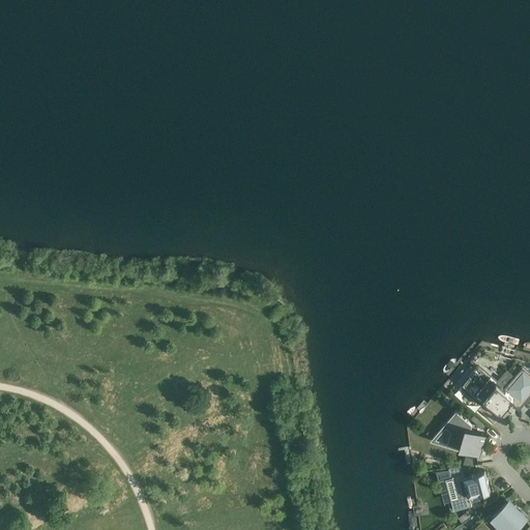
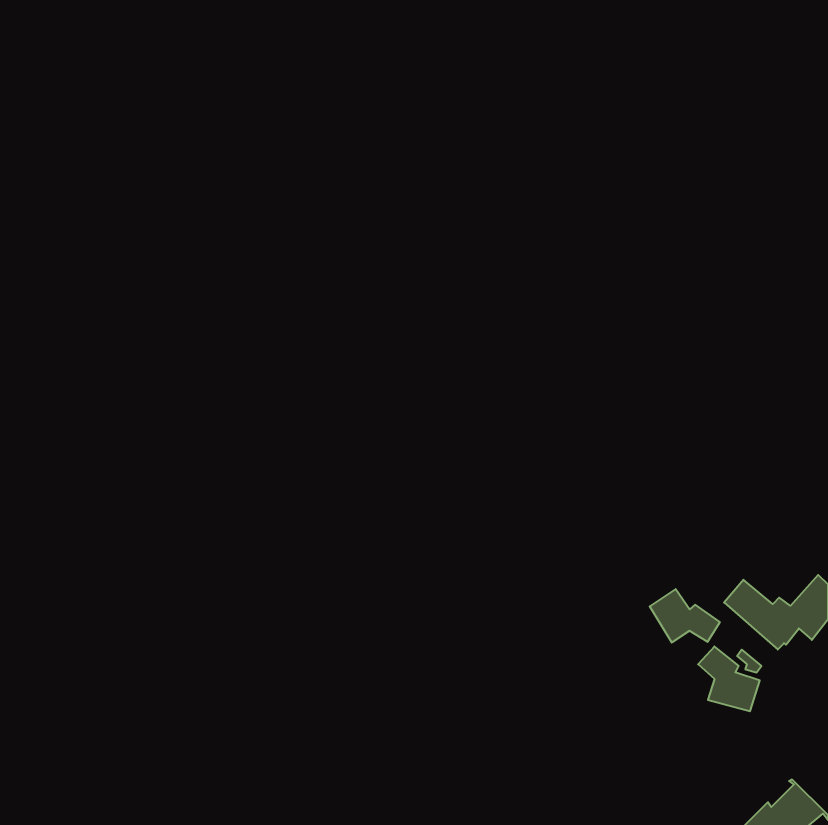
building: none -> [650,589,720,643]
building: [444,469,489,512] -> none

